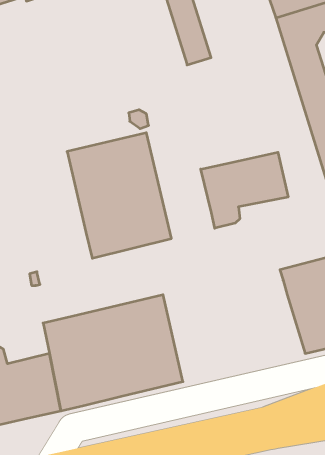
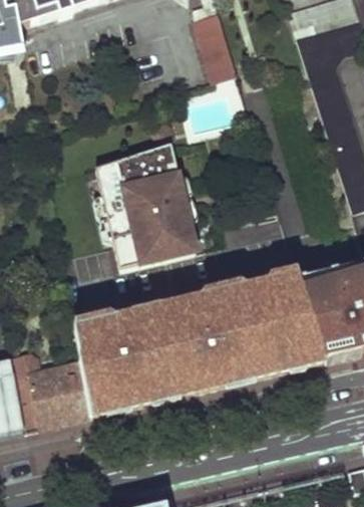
building: [201,152,288,228] -> none
building: none -> [191,274,327,385]

